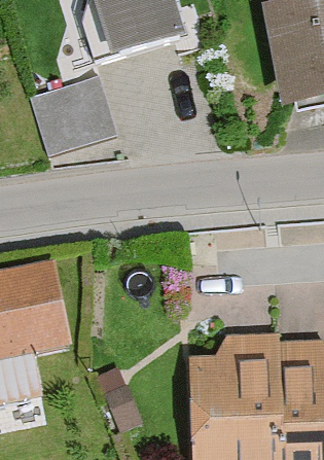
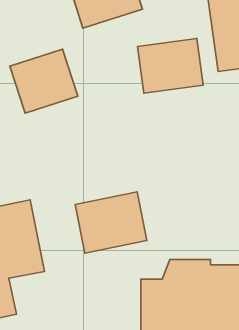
building: none -> [138,39,203,93]
building: none -> [75,192,147,253]

